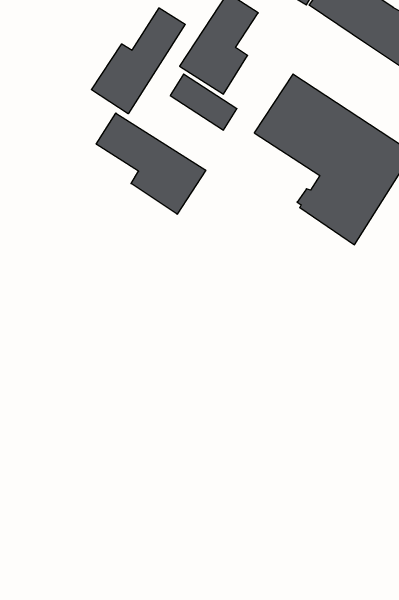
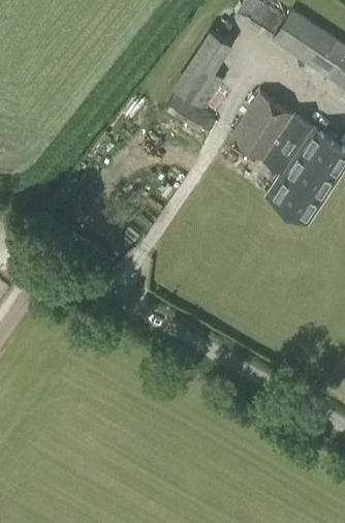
building: [91,8,185,114] -> none
building: [96,113,206,214] -> none

